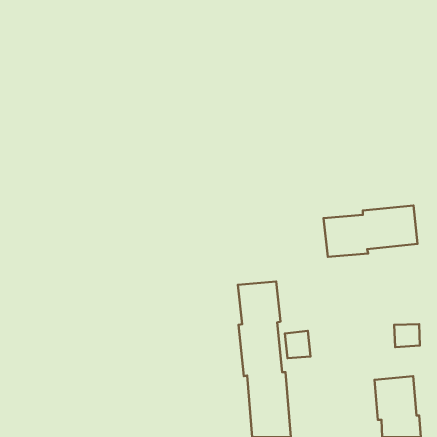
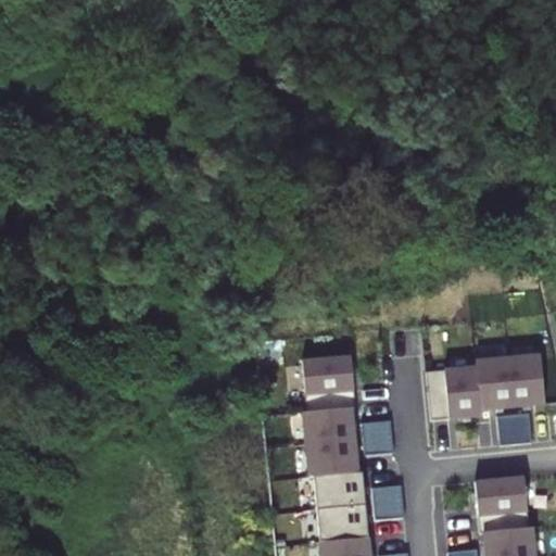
building: [324,205,418,257] -> [426,355,545,420]
building: none -> [371,485,404,520]

